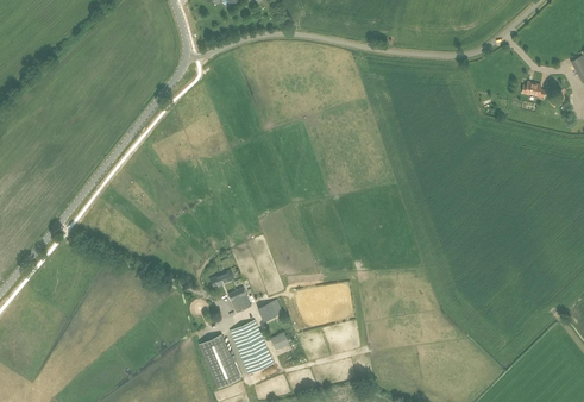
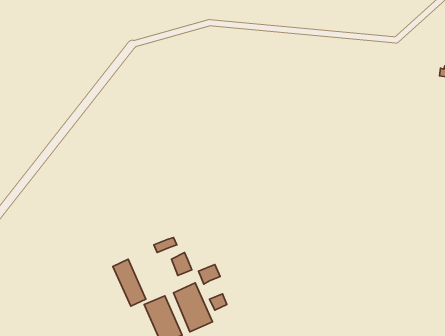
building: none -> [113,259,146,306]

